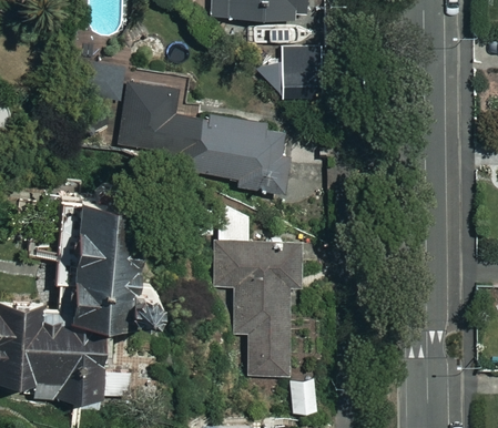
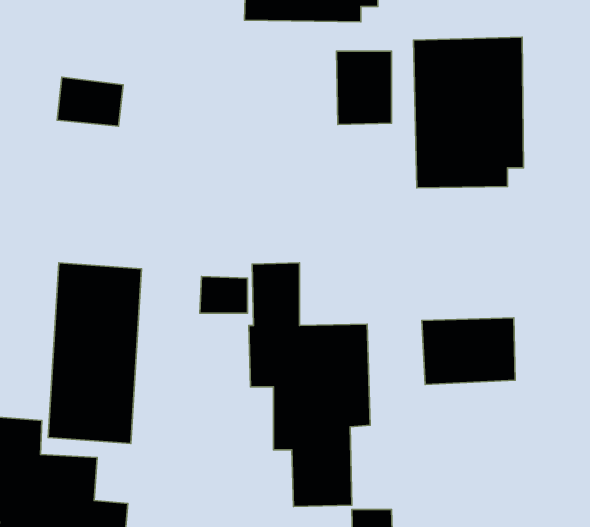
building: none -> [414,37,524,188]
building: [118,83,325,197] -> none
building: none -> [422,318,515,385]

